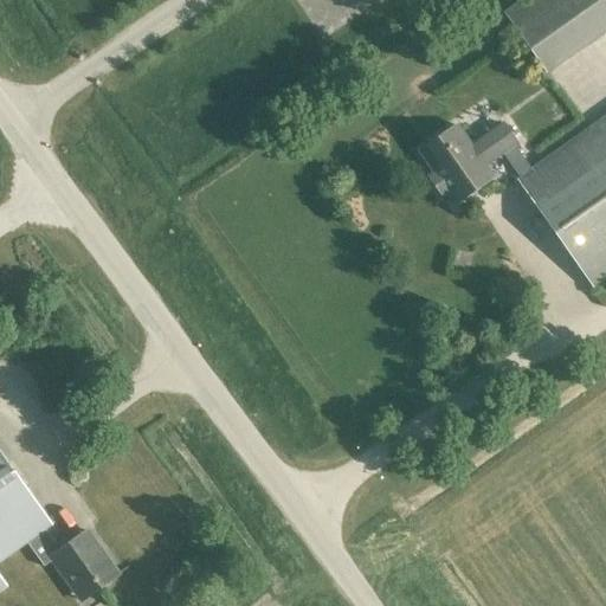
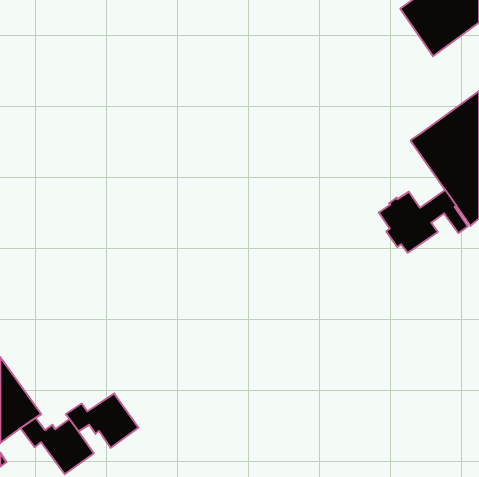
building: [419,122,531,201] -> [379,190,468,253]
building: none -> [66,393,139,448]

